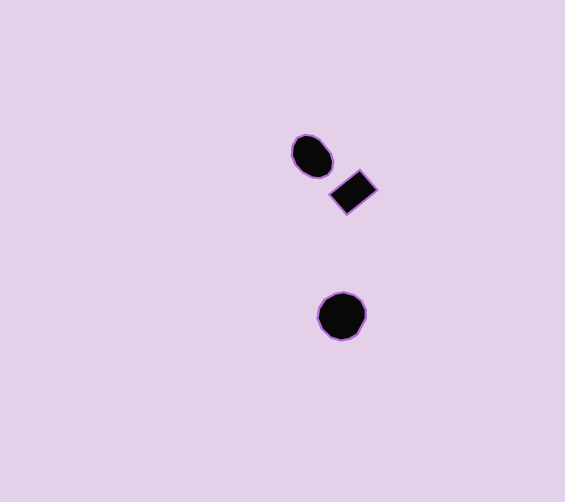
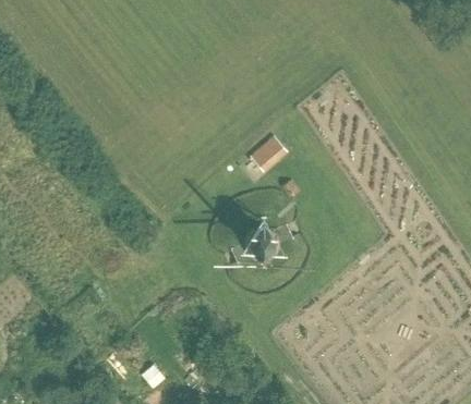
building: [292,135,333,178] -> none

